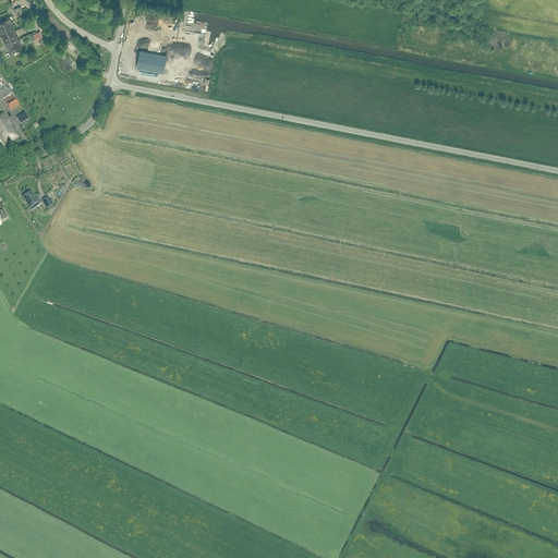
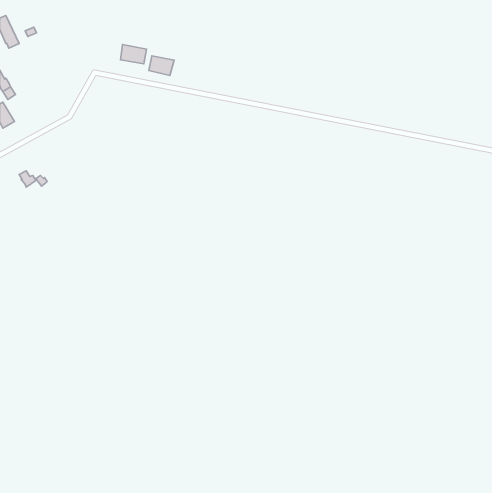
building: none -> [149,56,174,76]

